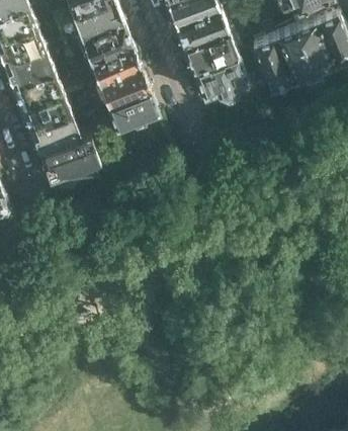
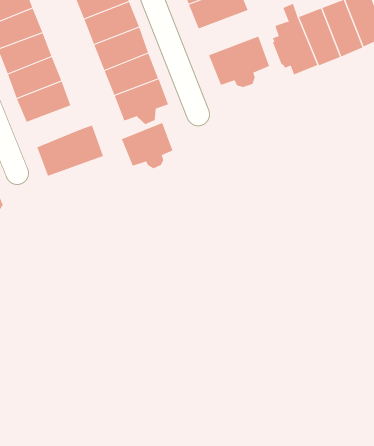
building: [185,31,240,72] -> none
building: [30,117,79,155] -> none
building: none -> [121,122,173,169]

